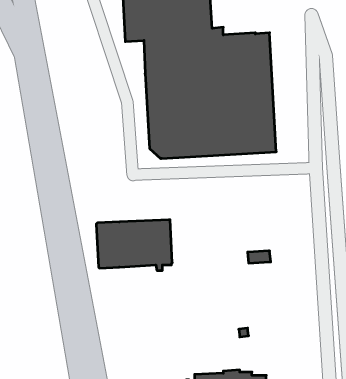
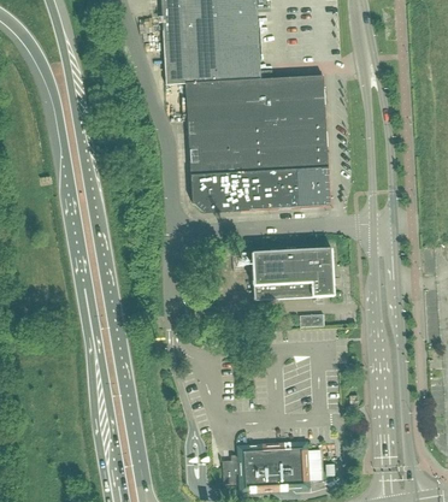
building: [96,220,172,270] -> [252,247,335,302]

